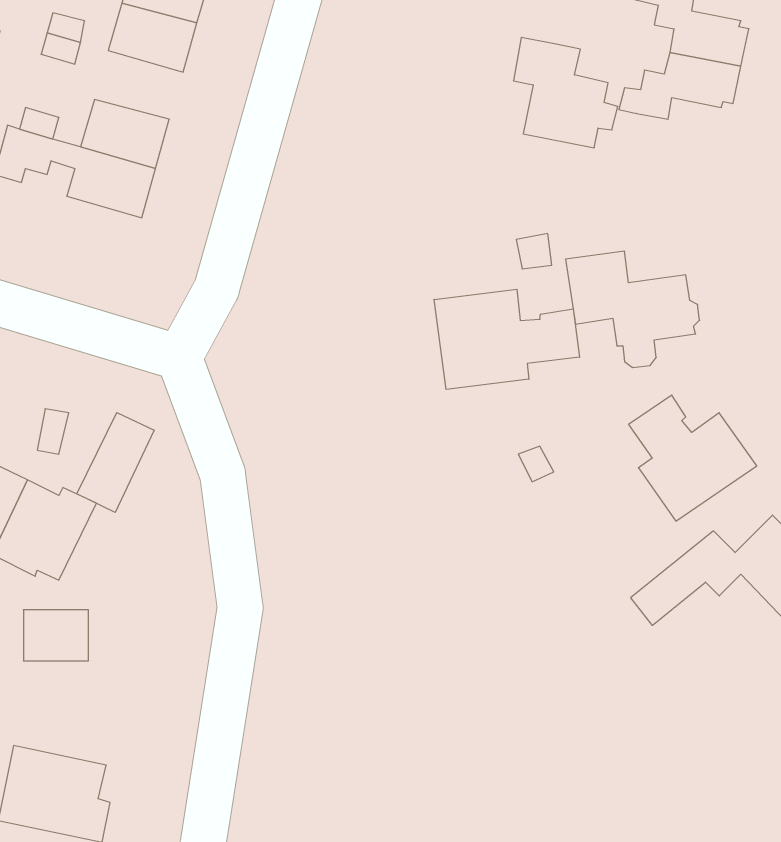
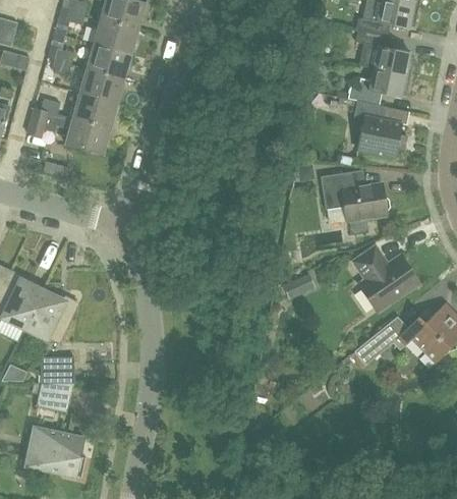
building: [513,37,618,148] -> [353,100,407,157]
building: none -> [77,67,123,103]
building: [434,289,580,389] -> none
building: [77,413,154,512] -> none
building: none -> [36,383,74,411]

